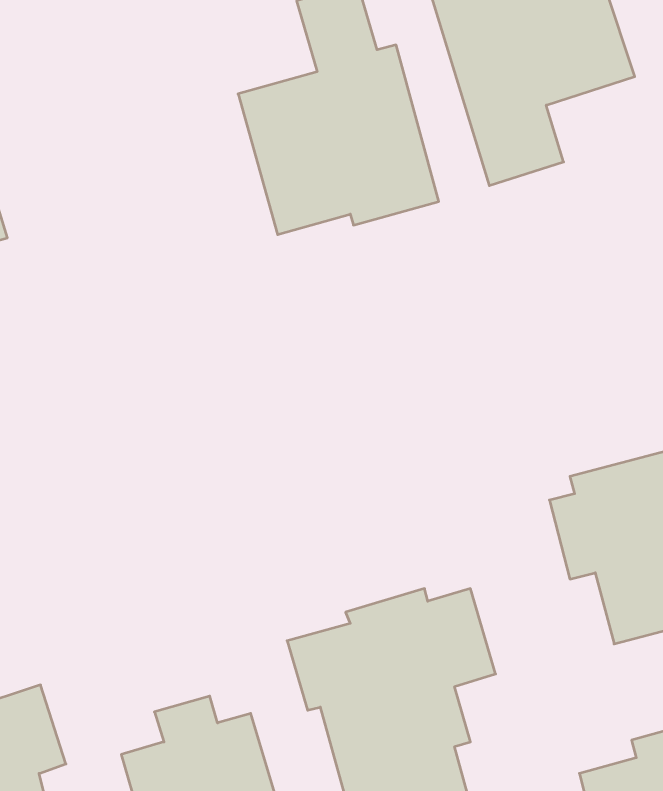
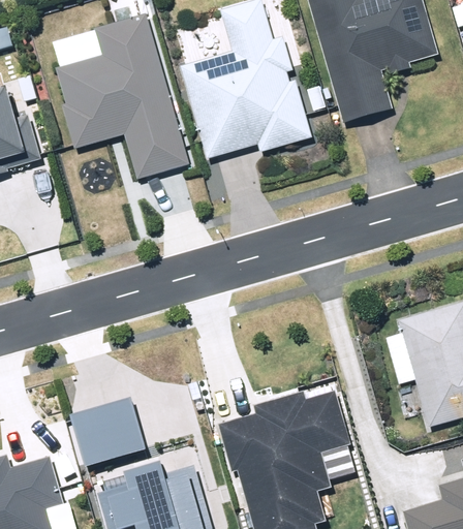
building: none -> [57,13,188,180]
building: none -> [68,396,146,470]

